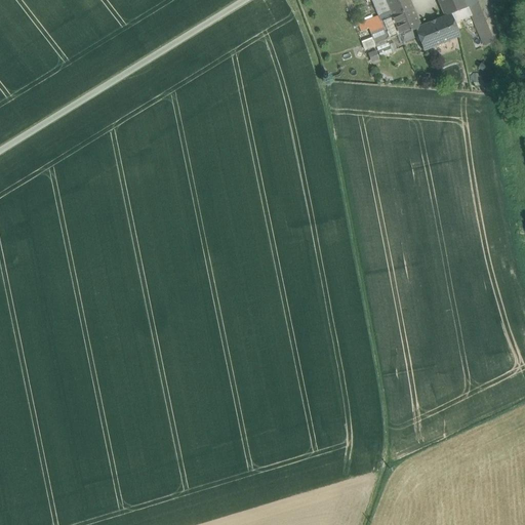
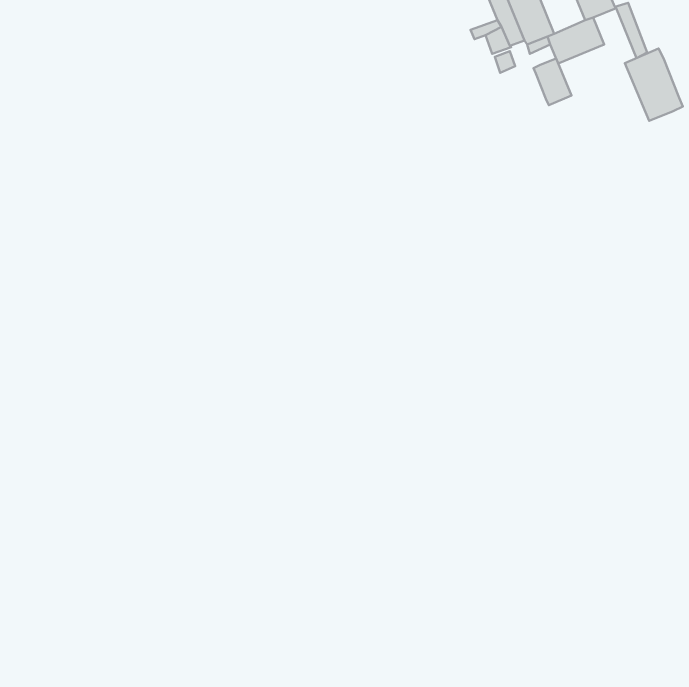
building: none -> [625,48,683,121]
building: none -> [534,58,571,105]

